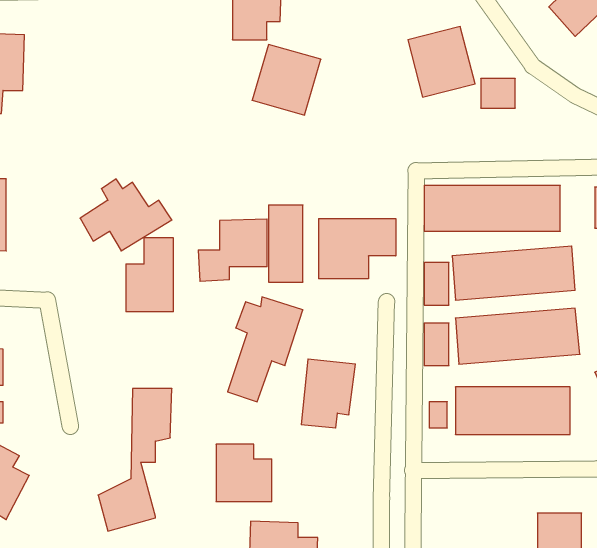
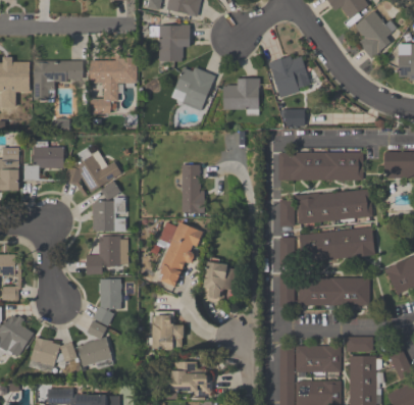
building: none -> [90,57,137,113]
building: none -> [33,58,83,100]
building: none -> [222,78,259,110]
building: [481,79,515,108] -> [282,108,304,126]
building: none -> [23,145,63,180]
building: [319,219,396,279] -> none
building: [198,219,267,281] -> [85,235,127,273]
building: none -> [29,336,61,371]
building: none -> [346,337,372,351]
building: none -> [295,345,340,372]

